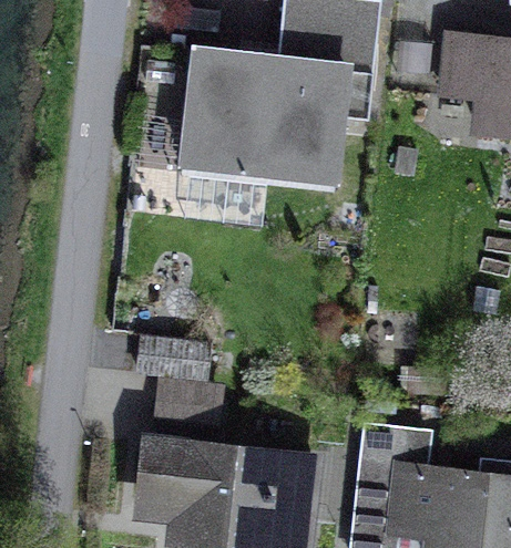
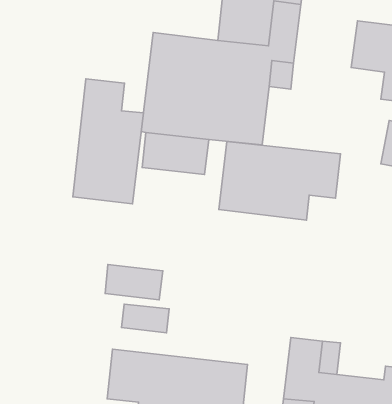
building: none -> [73,79,144,204]
building: none -> [219,141,341,220]

